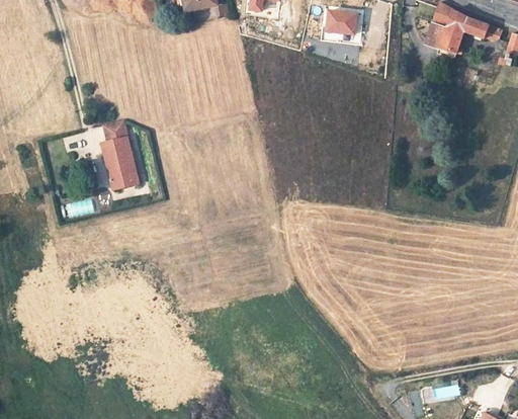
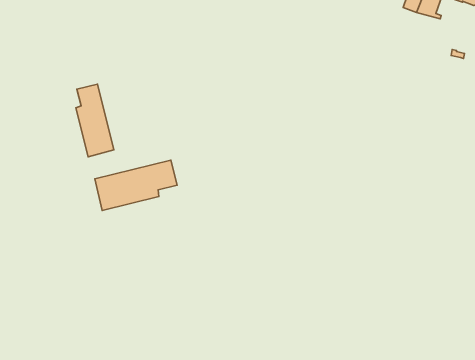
building: none -> [95,160,177,211]

